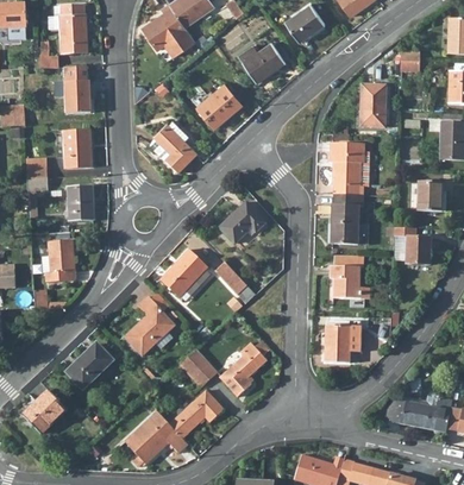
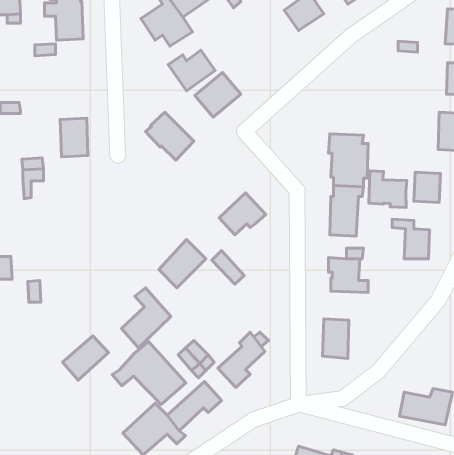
building: [239,42,286,82] -> [168,50,215,91]
building: [64,64,90,112] -> none
building: [359,87,383,127] -> none
building: none -> [369,171,407,208]
building: [67,184,93,221] -> none
building: [43,240,73,283] -> none
building: none -> [112,342,186,405]
building: [23,389,67,432] -> none

